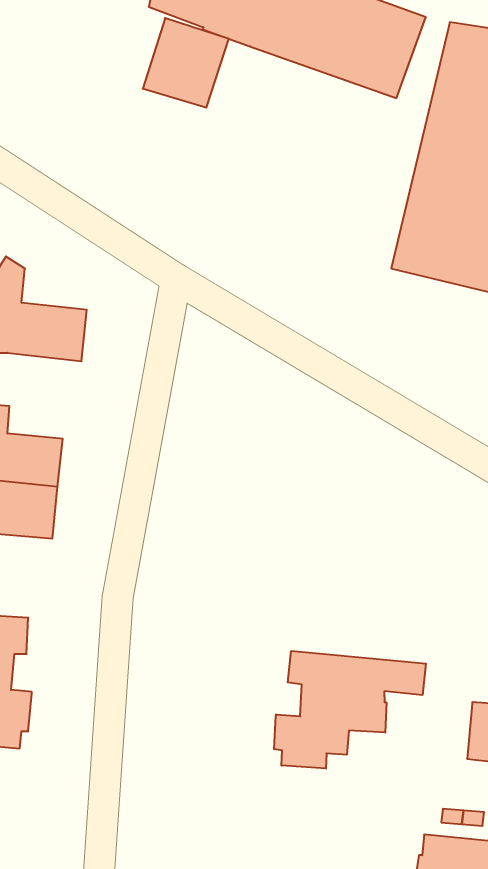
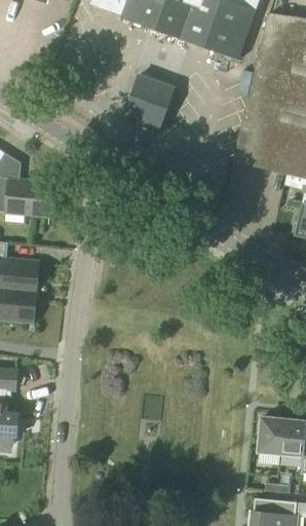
building: [143,18,229,108] -> [121,76,173,129]
building: [274,651,426,769] -> none
building: none -> [258,417,283,453]

